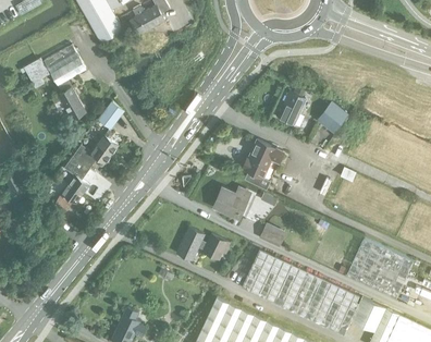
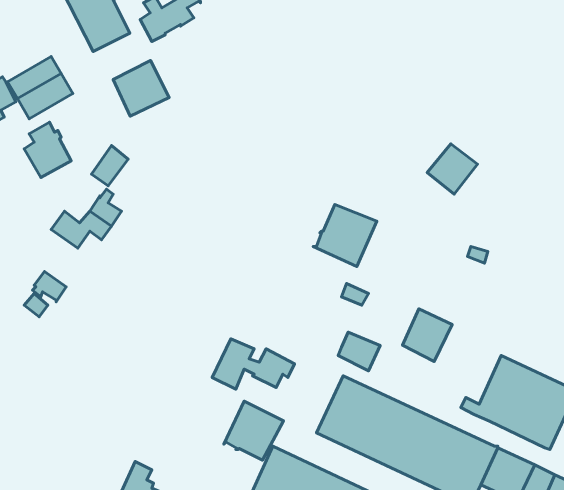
building: none -> [113,60,169,116]
building: [278,91,305,125] -> none
building: [63,157,89,194] -> none
building: [216,191,247,216] -> none
building: none -> [402,309,452,361]
building: none -> [224,401,283,460]

